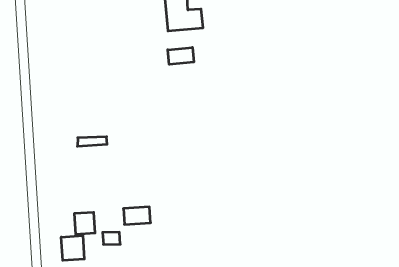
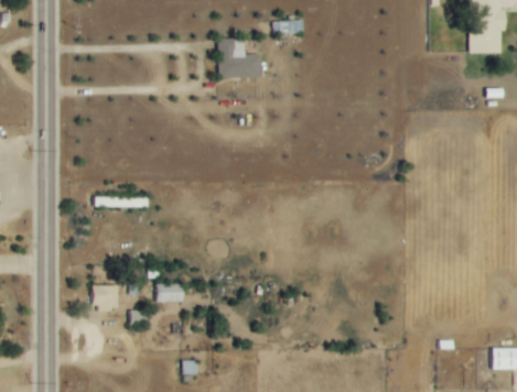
building: [168,47,194,64] -> none
building: [61,236,84,260] -> none

